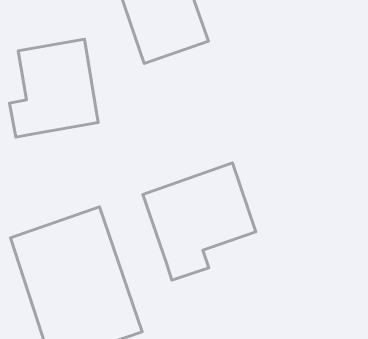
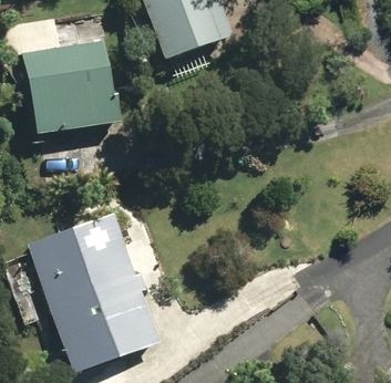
building: [143,163,256,280] -> none

